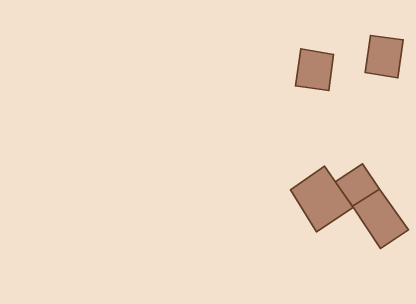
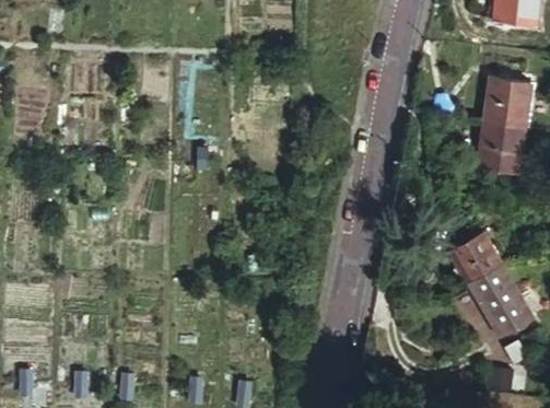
building: [295,49,333,90] -> [477,123,523,173]
building: [290,166,353,232] -> none

